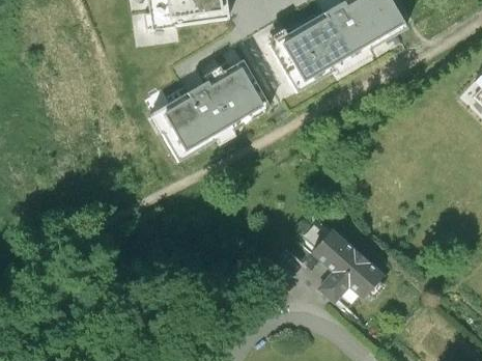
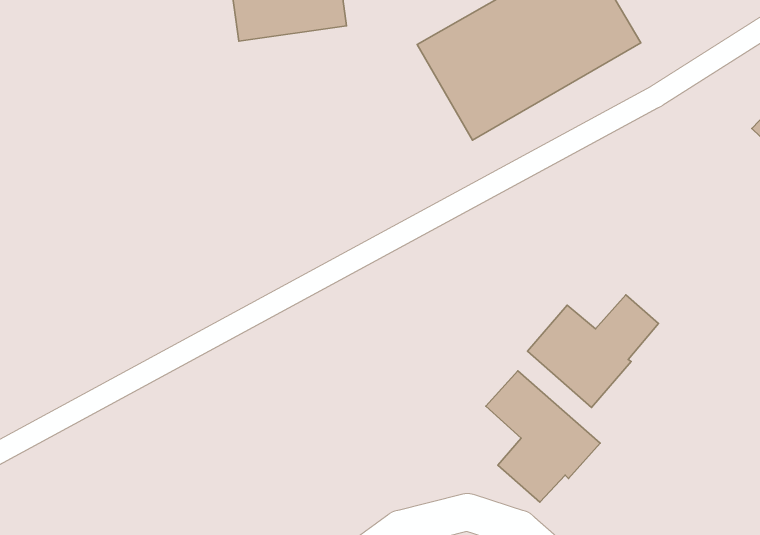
building: [150,48,278,159] -> none
building: none -> [528,295,658,408]

